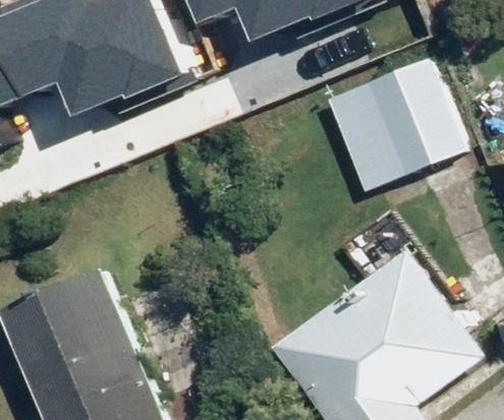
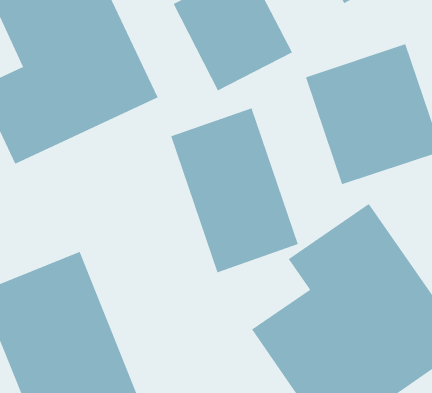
building: none -> [171,108,298,273]

